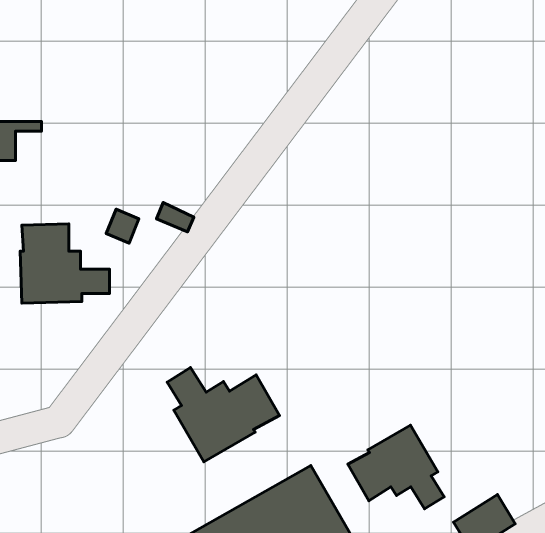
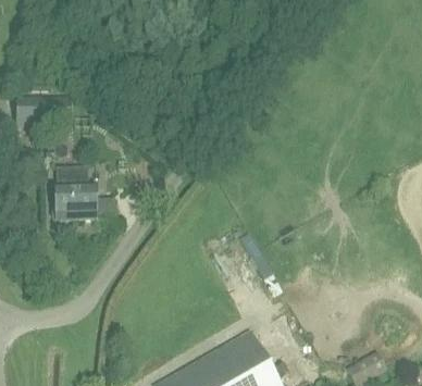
building: [167,368,279,462] -> none
building: [348,425,444,509] -> none

